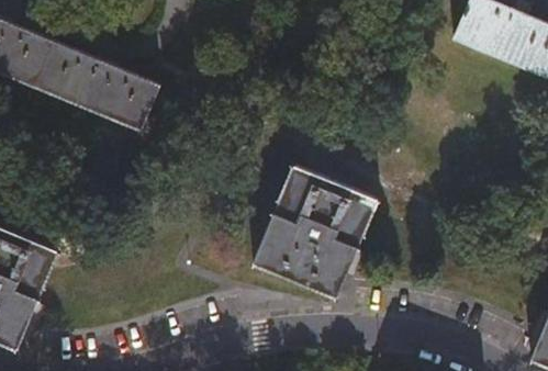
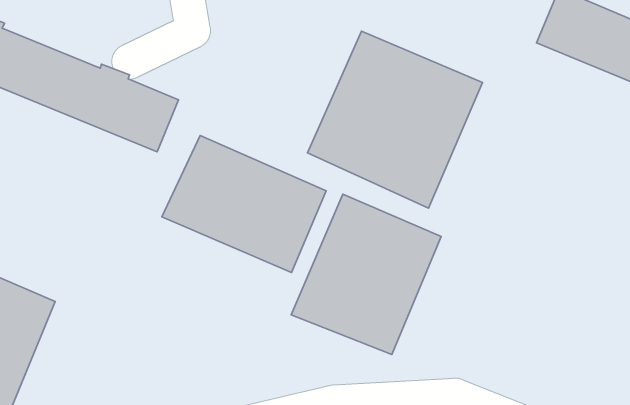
building: none -> [307,31,482,208]
building: none -> [162,136,326,273]

